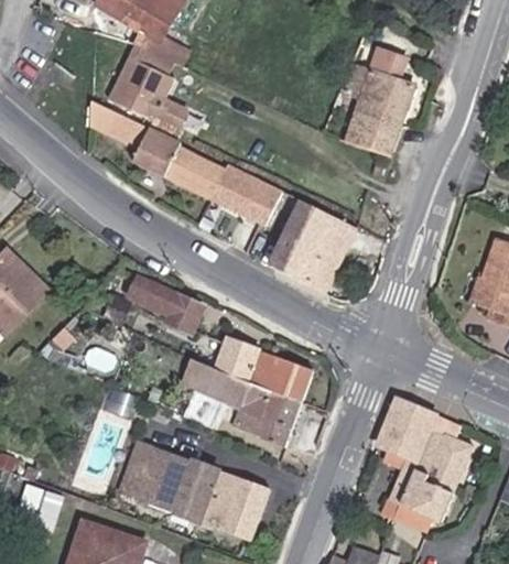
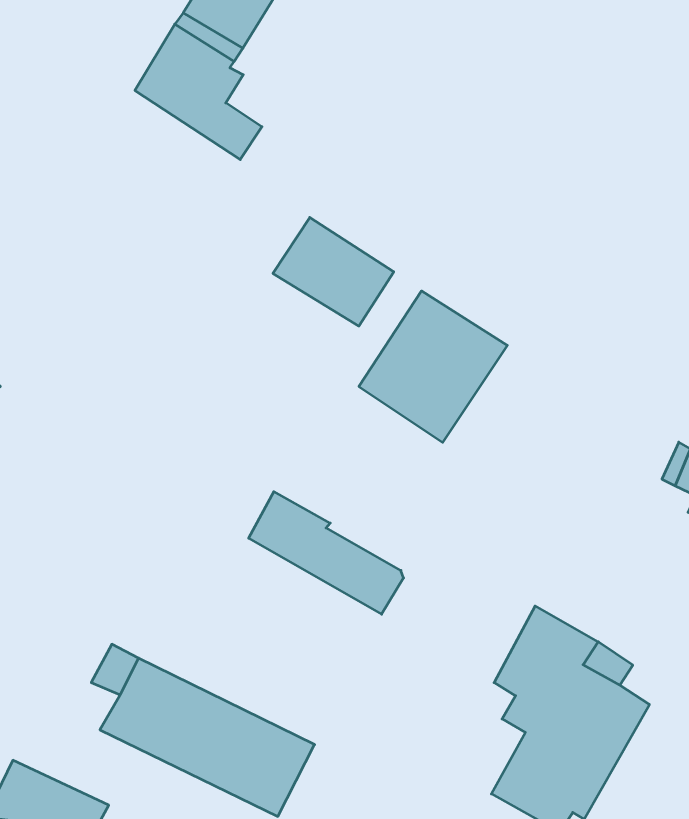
building: [344,48,413,159] -> none
building: [89,96,227,200] -> none
building: [129,276,206,335] -> none
building: [180,358,301,447] -> none

